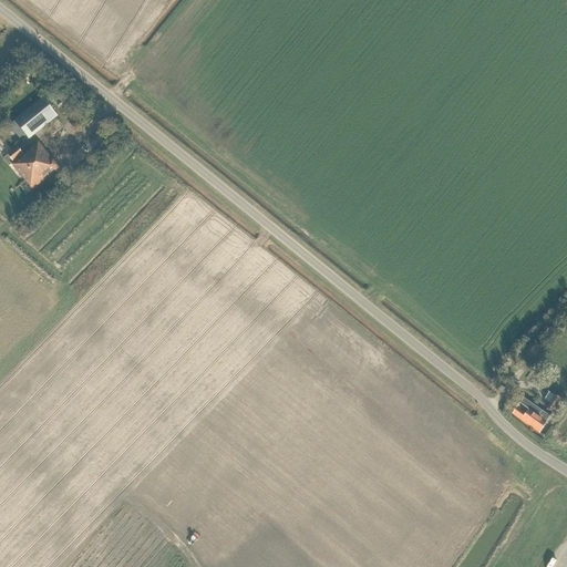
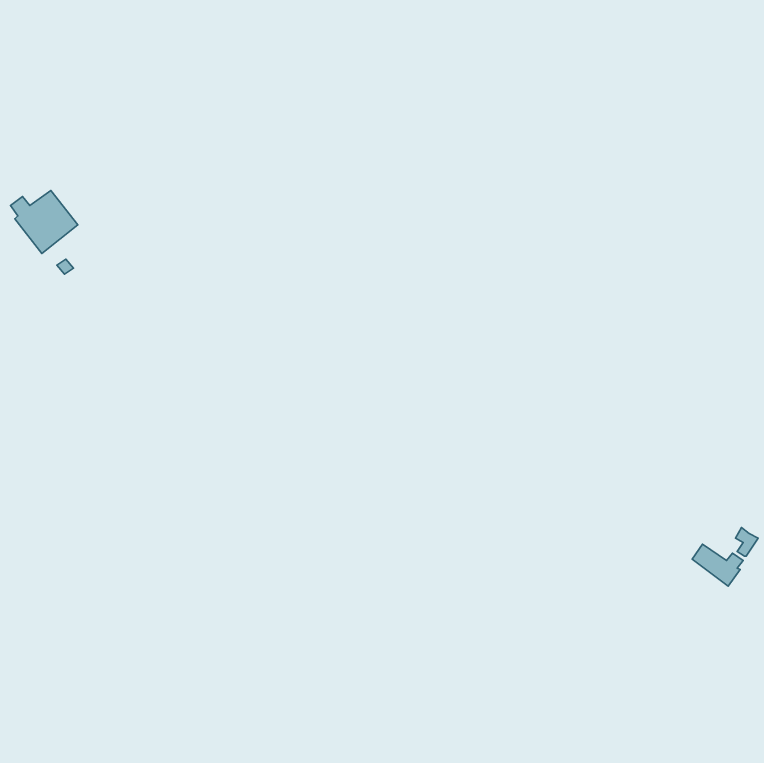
building: [14,97,56,136] -> none

